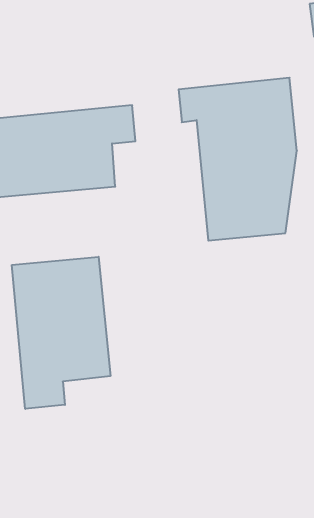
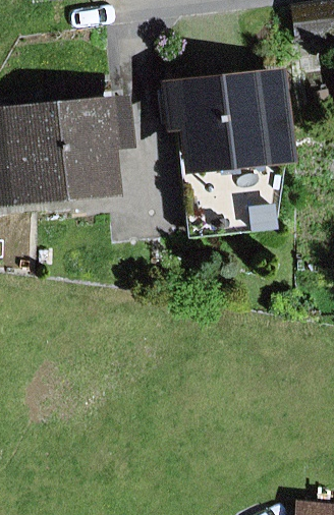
building: [12,257,110,409] -> none

